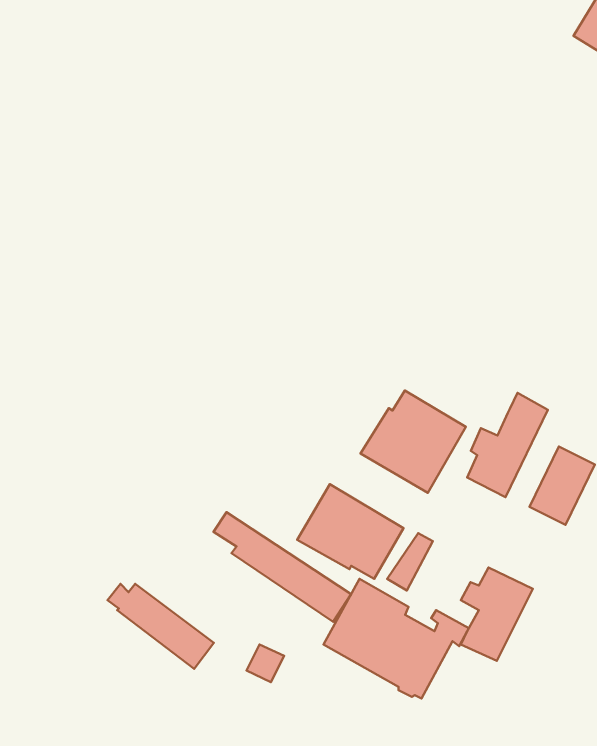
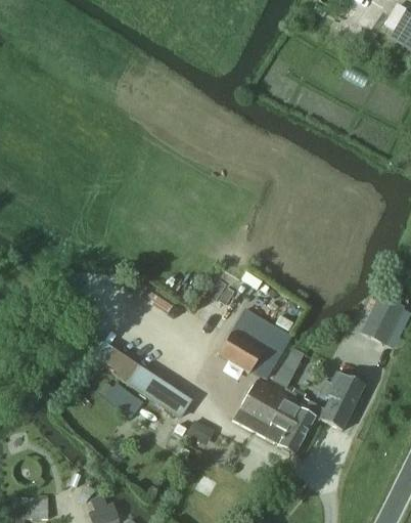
building: [361,390,466,493] -> none
building: [467,393,548,497] -> none
building: [214,512,351,622] -> [106,348,192,417]

